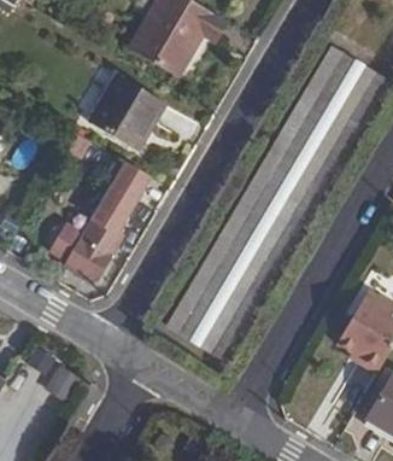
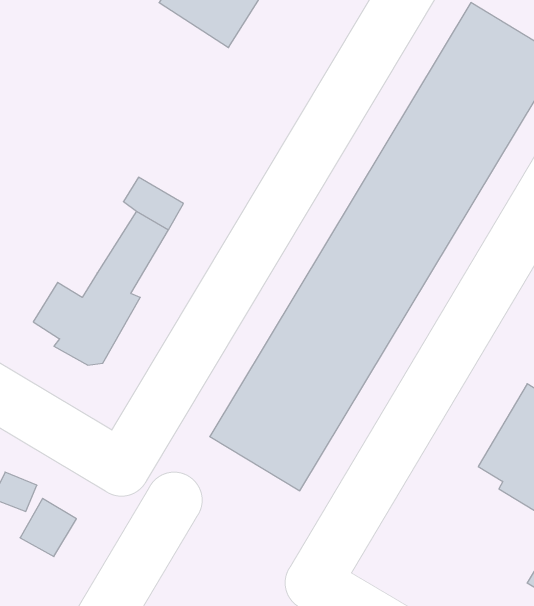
building: [89,71,166,148] -> none

